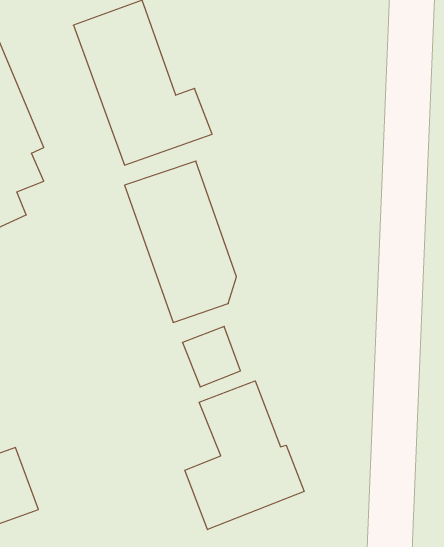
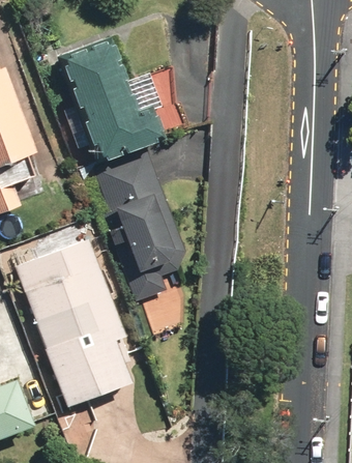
building: none -> [16,238,139,405]
building: [185,381,304,530] -> none

